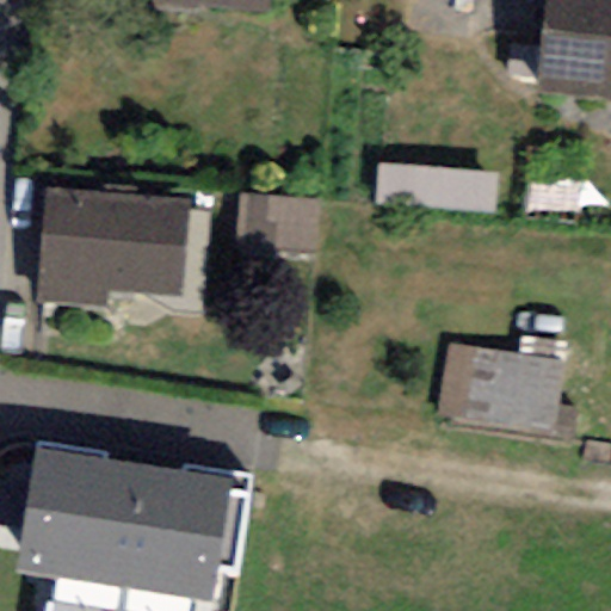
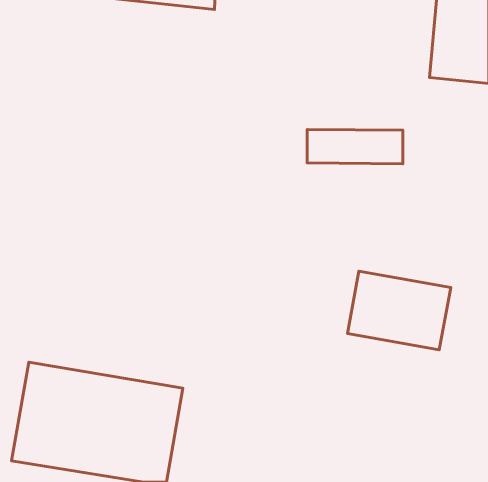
building: [38,187,187,311] -> none
building: [246,187,323,246] -> none

